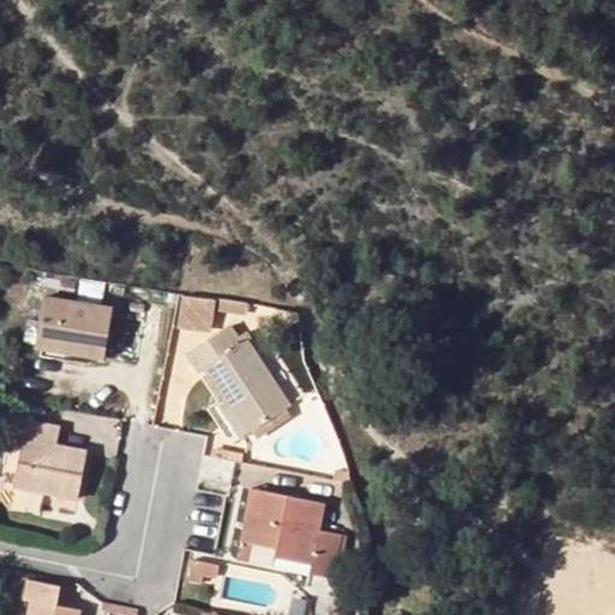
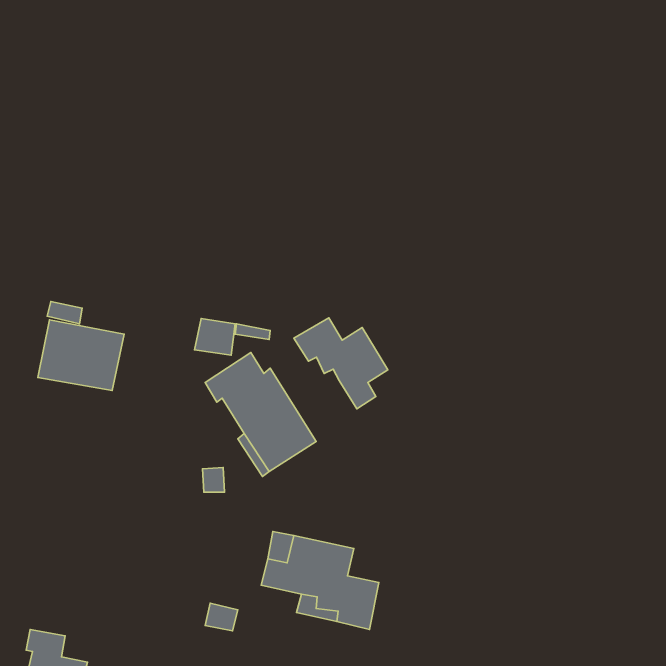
building: none -> [294,318,388,409]
building: [14,422,85,497] -> none

